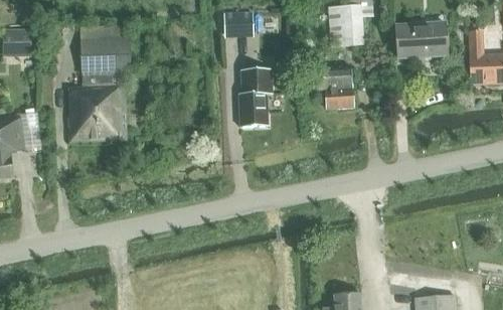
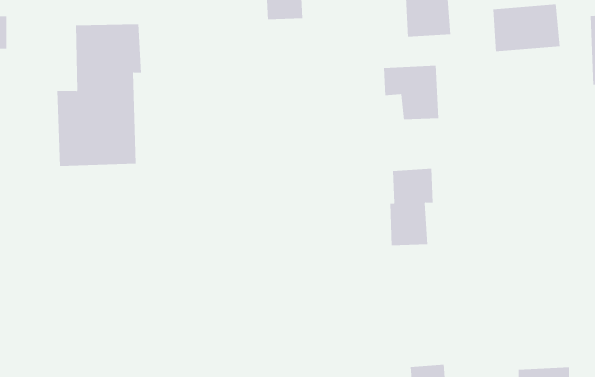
building: [238,67,272,126] -> [390,168,434,246]

